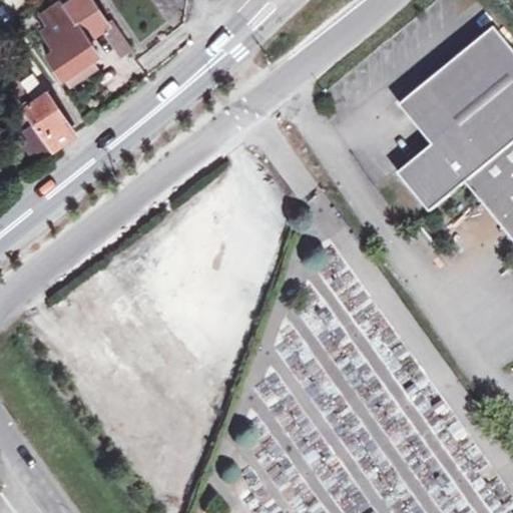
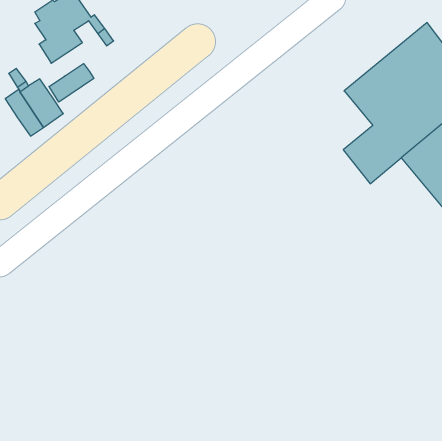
building: none -> [49,64,94,102]

